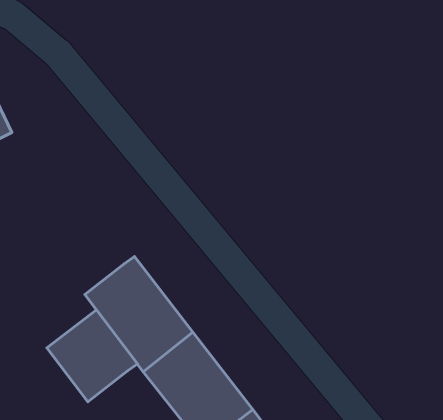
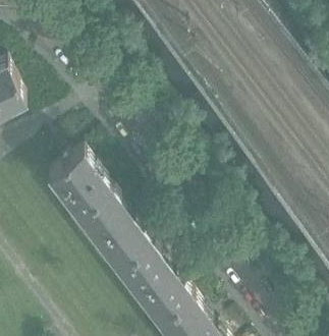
building: [47,310,137,402] -> [47,154,110,218]

